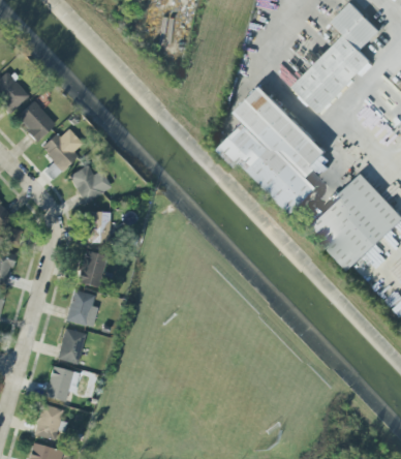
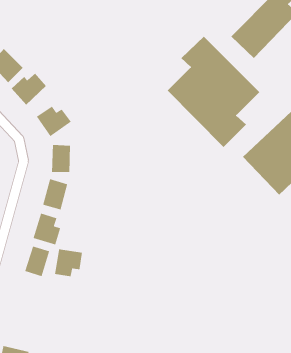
building: [45,368,79,401] -> [54,249,83,277]
building: [33,404,63,441] -> none

